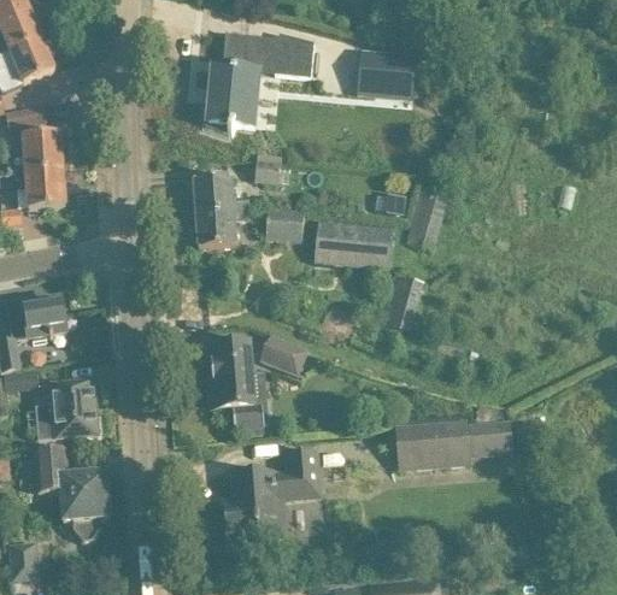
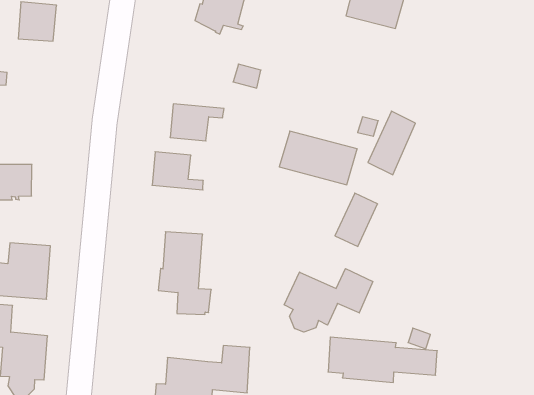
building: [27,169,65,208] -> none
building: [194,176,249,213] -> [152,152,203,190]
building: [266,208,304,242] -> none
building: [260,336,308,376] -> none
building: none -> [284,269,373,332]

